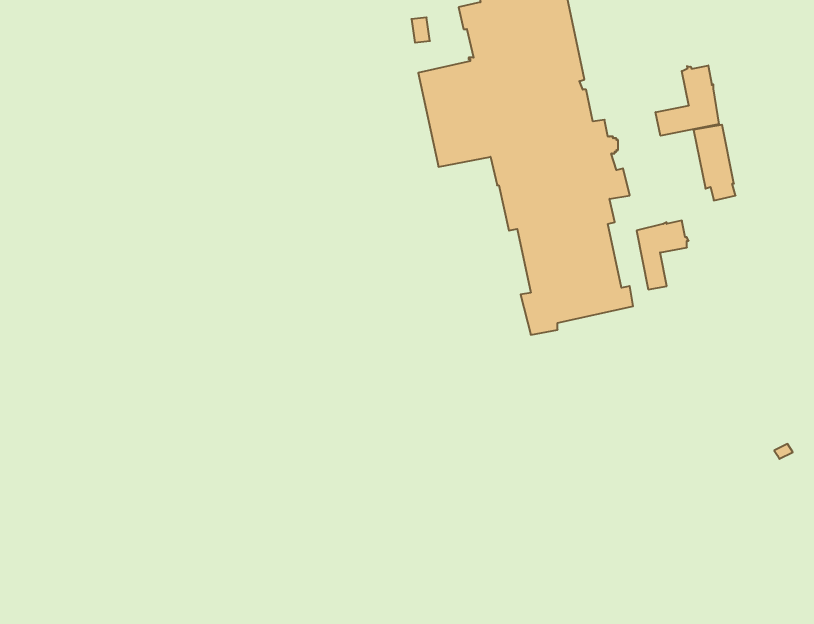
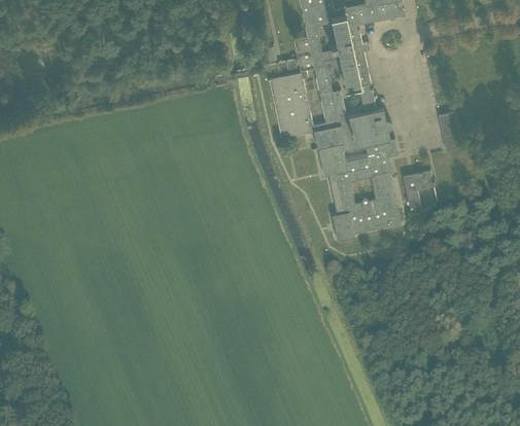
building: [656,65,719,136] -> none

